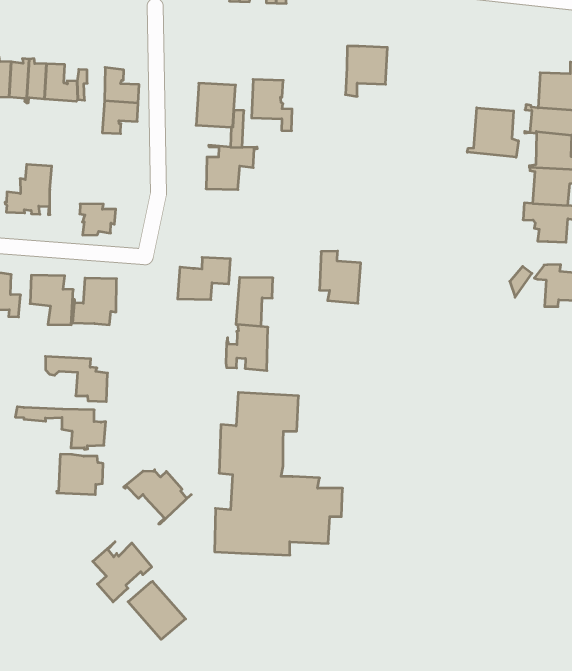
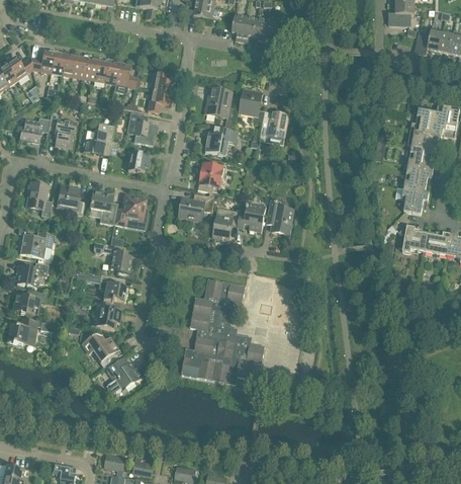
building: [345,46,387,96] -> [259,110,288,142]
building: [467,108,518,157] -> none
building: none -> [126,112,155,144]
building: none -> [198,163,223,191]
building: [226,325,268,371] -> [237,201,265,232]
building: [124,470,191,524] -> [82,335,122,369]
building: [128,581,186,639] -> none

